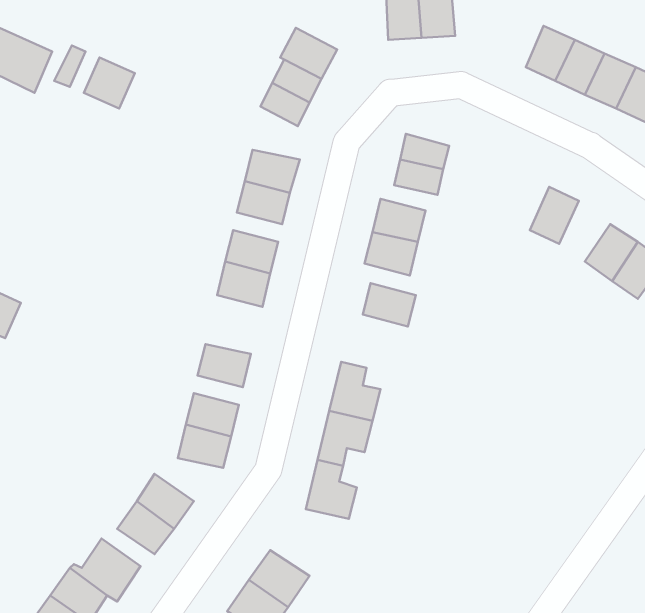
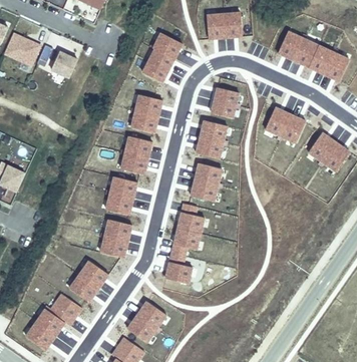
building: none -> [265,107,290,136]
building: none -> [114,177,141,200]
building: none -> [191,179,218,202]

